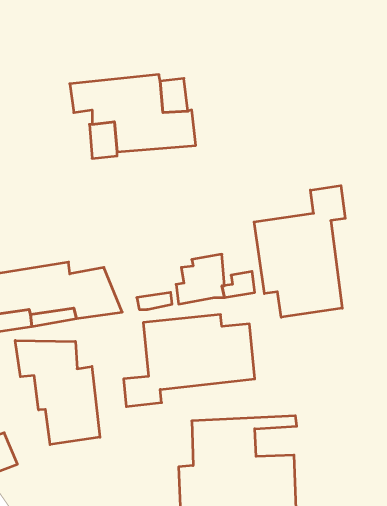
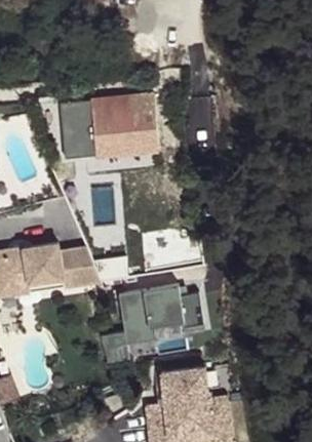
building: [254,186,345,317] -> none
building: [15,340,100,445] -> none

